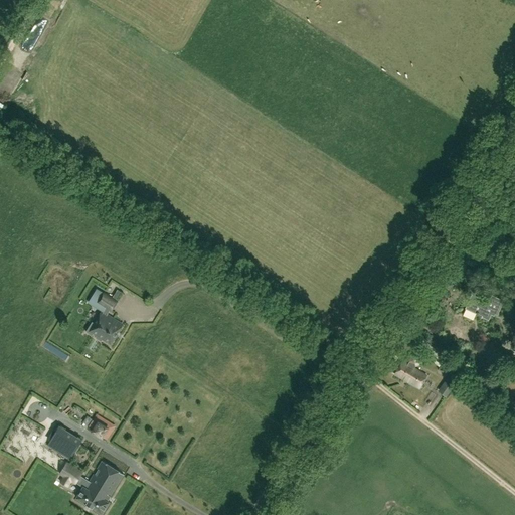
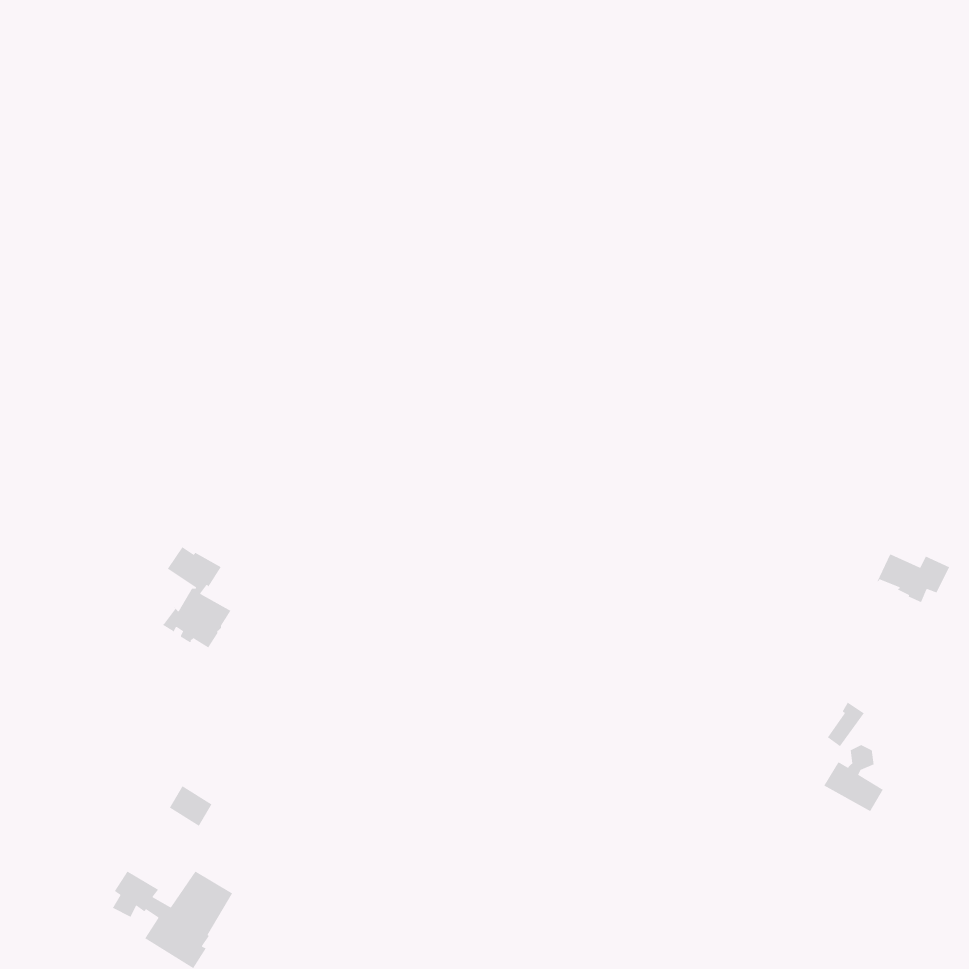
building: [394,352,426,388] -> [823,744,884,812]
building: [49,425,81,456] -> none

